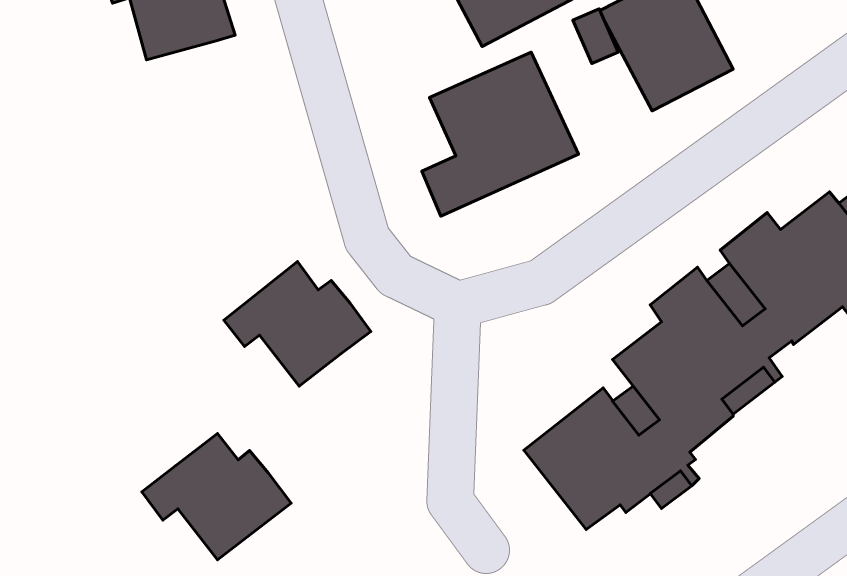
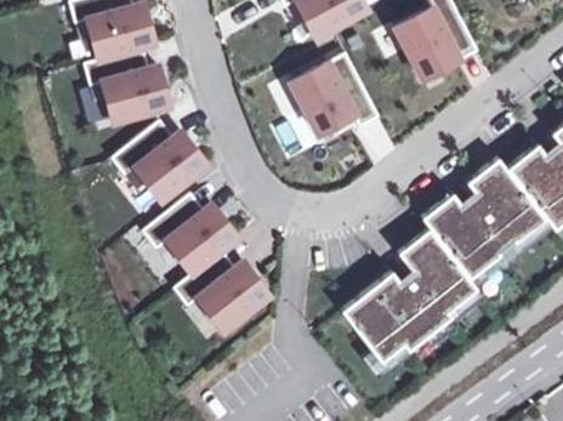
building: none -> [84,45,169,119]
building: none -> [114,115,209,195]
building: [142,433,291,560] -> [174,246,269,328]

